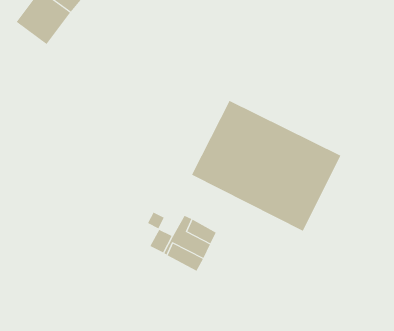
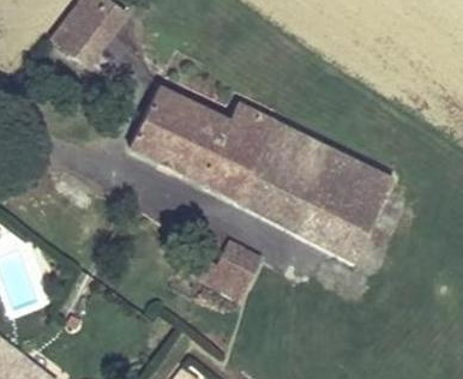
building: none -> [128,88,273,200]

